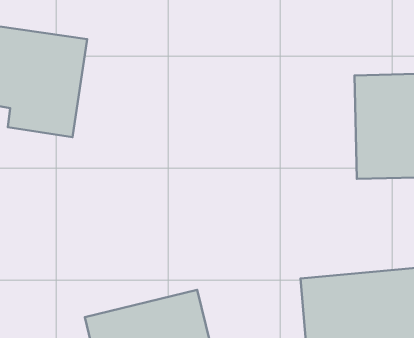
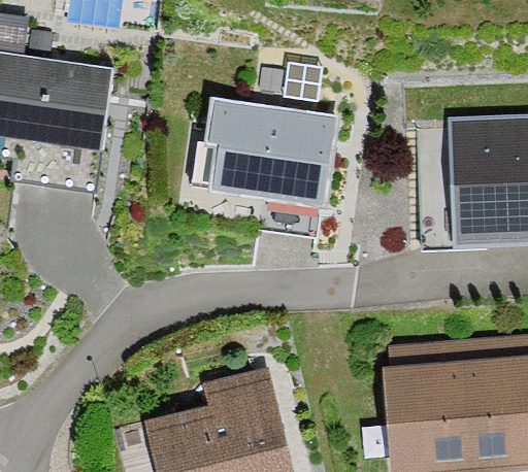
building: none -> [204,94,340,209]

